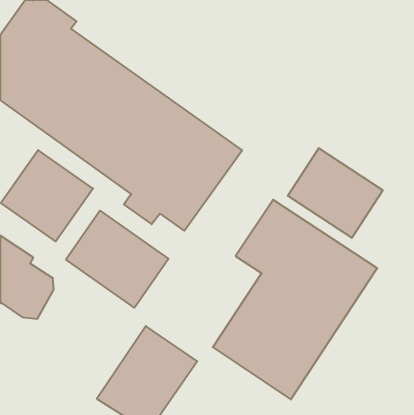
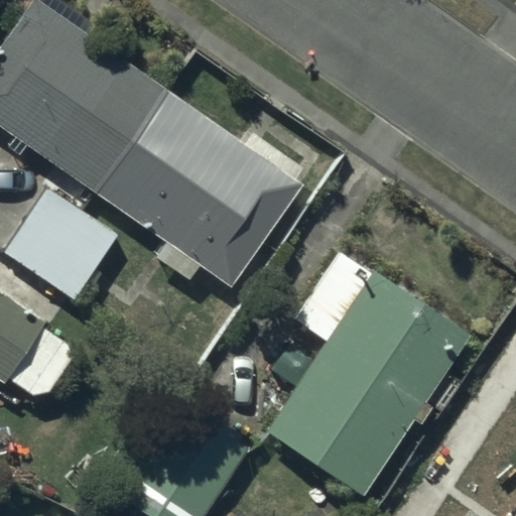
building: [288,148,383,238] -> none
building: [66,211,168,308] -> none

